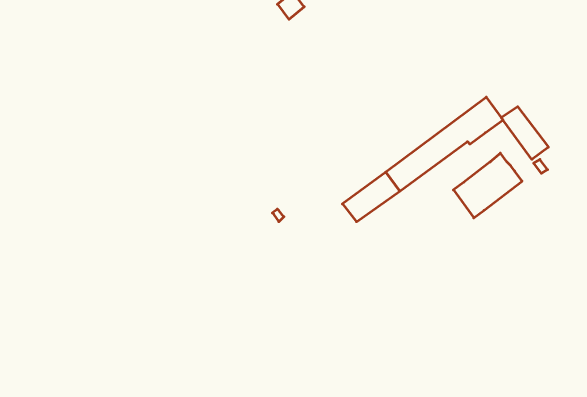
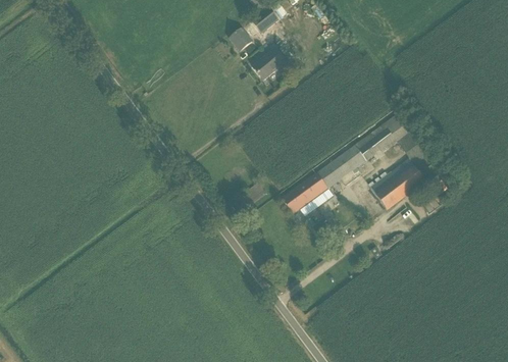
building: none -> [254,48,286,79]
building: [501,107,548,159] -> none

